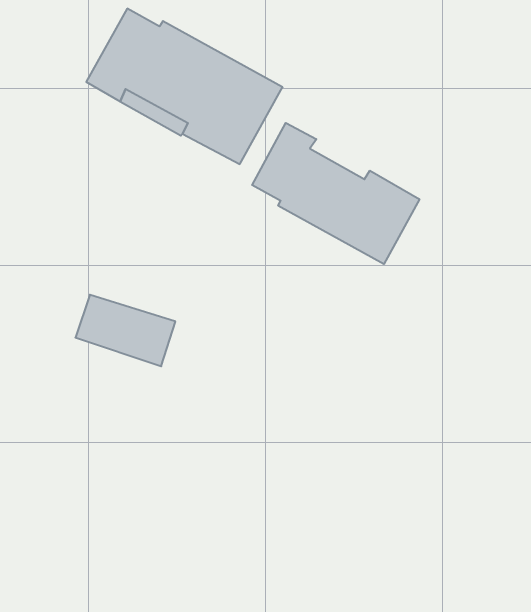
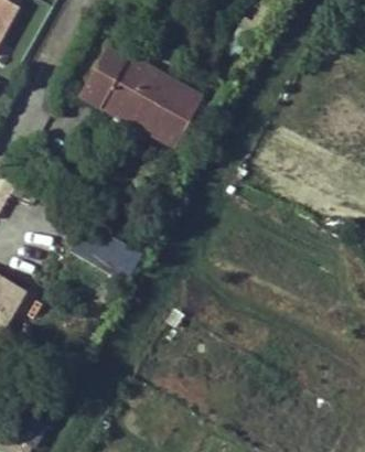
building: [252,123,419,264] -> none

